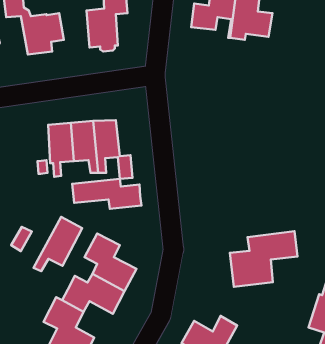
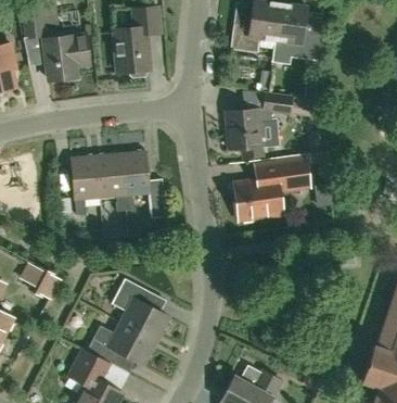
building: none -> [228,93,292,158]
building: [72,179,141,209] -> none
building: [34,217,82,271] -> none
building: [230,231,297,287] -> [233,159,308,221]

